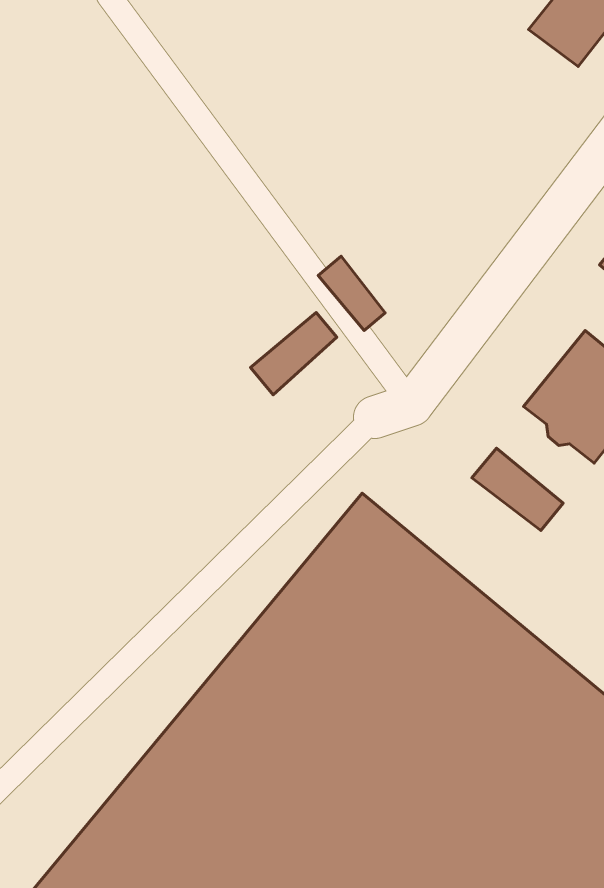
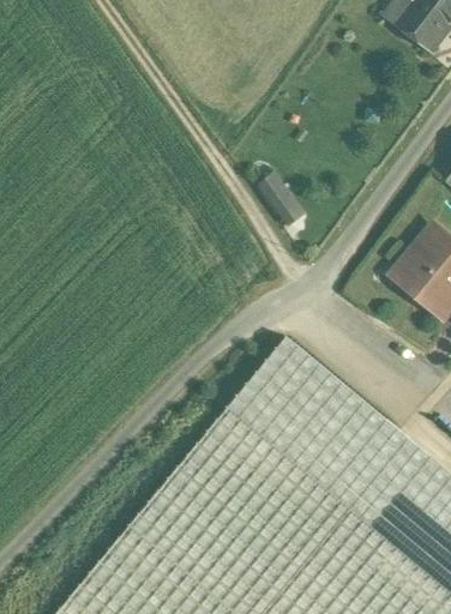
building: [250,313,337,395] -> none
building: [472,448,563,530] -> none

